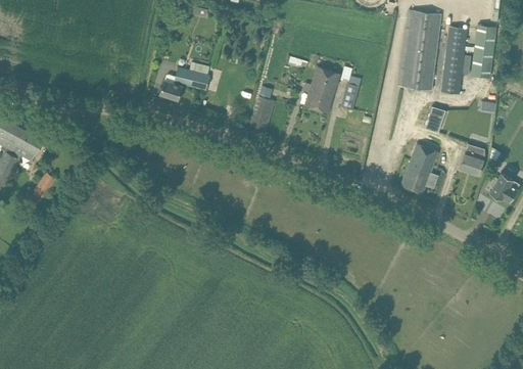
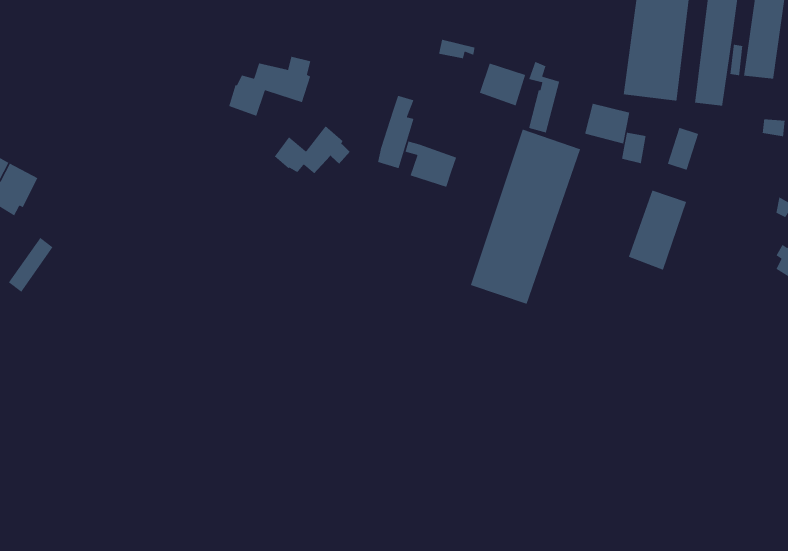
building: [302,84,334,112] -> [405,140,457,188]
building: none -> [584,103,630,145]
building: none -> [274,125,350,174]
building: none -> [470,129,581,305]
building: [460,143,485,176] -> none

